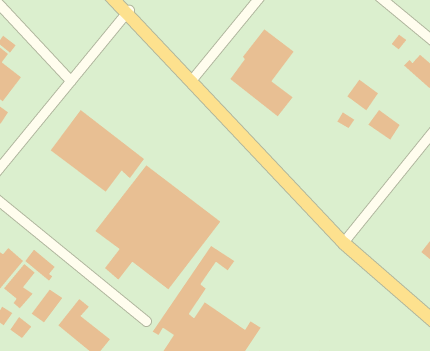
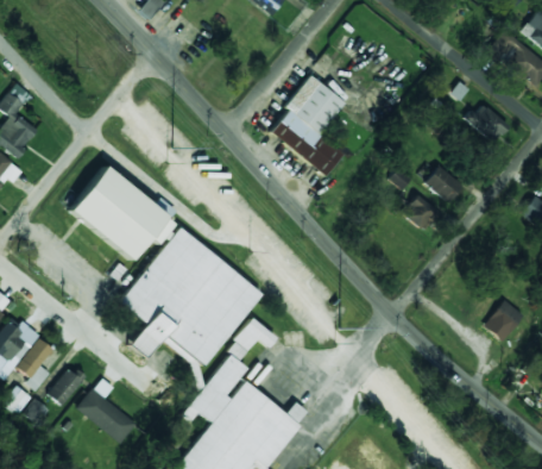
building: [346,78,379,111] -> [403,194,440,231]
building: [24,249,56,282] -> none

